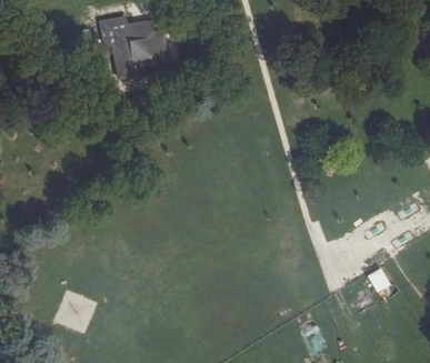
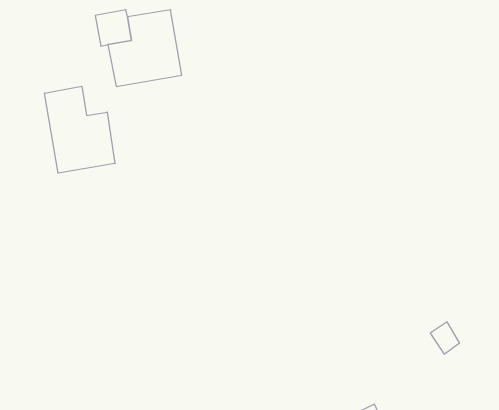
building: none -> [45,86,115,173]

